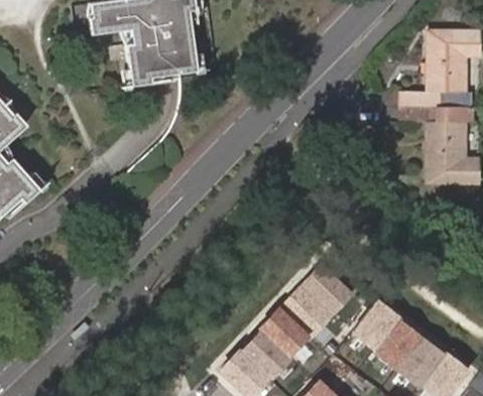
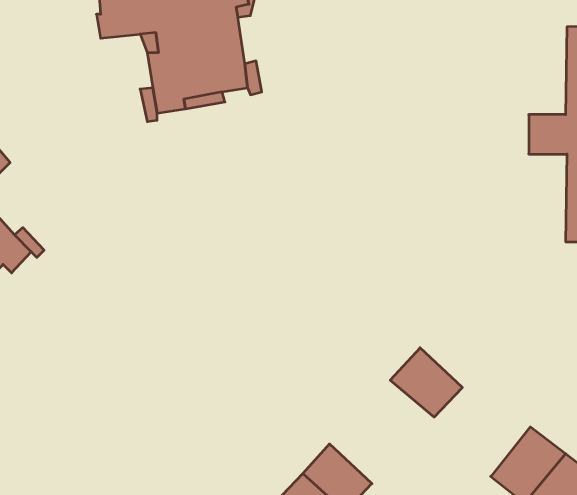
building: [282,282,332,328] -> none
building: [348,297,400,351] -> none
building: [257,307,309,356] -> none

